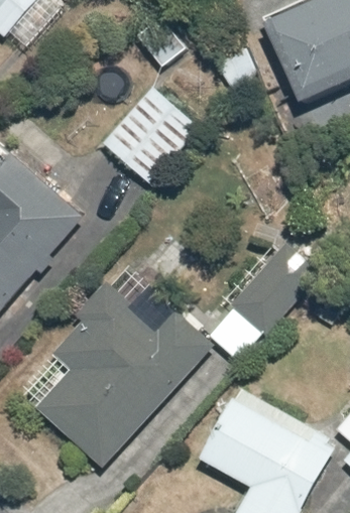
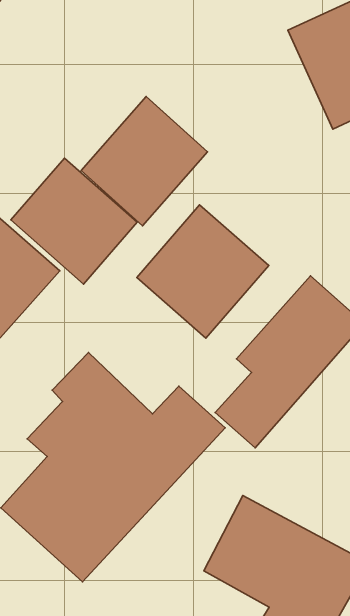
building: none -> [11,158,137,284]
building: none -> [137,205,269,338]

